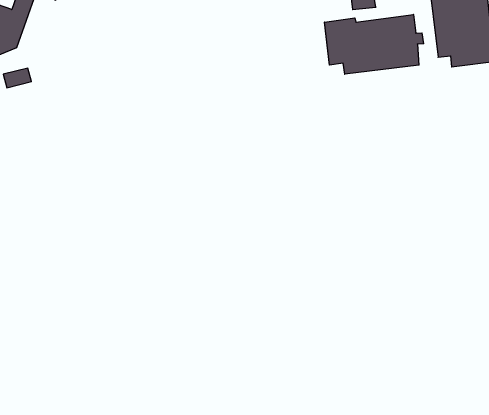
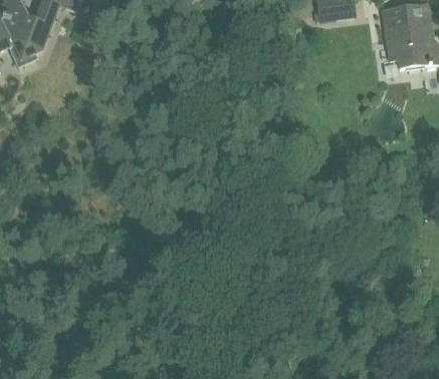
building: [325,14,424,74] -> none

